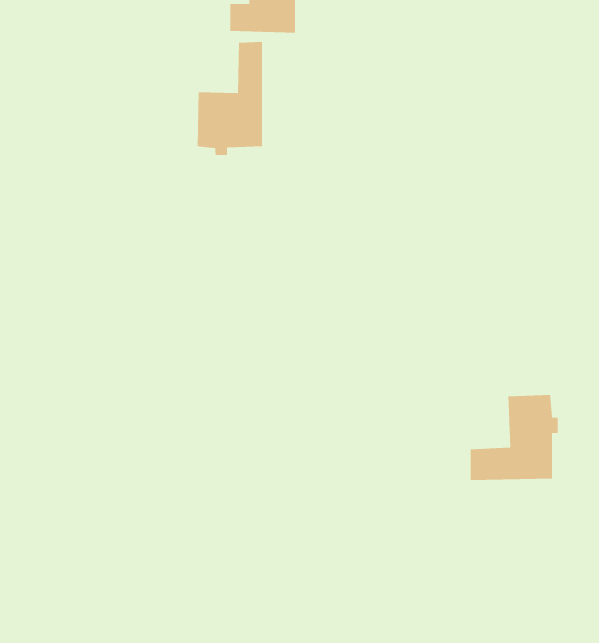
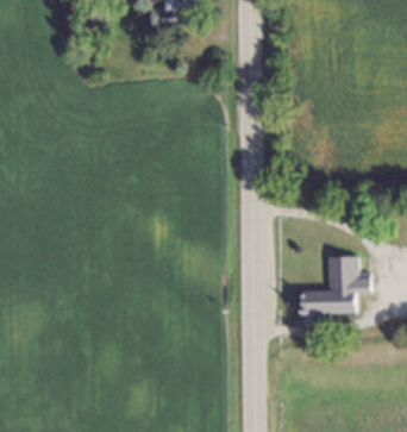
building: [197,41,263,156] -> none

